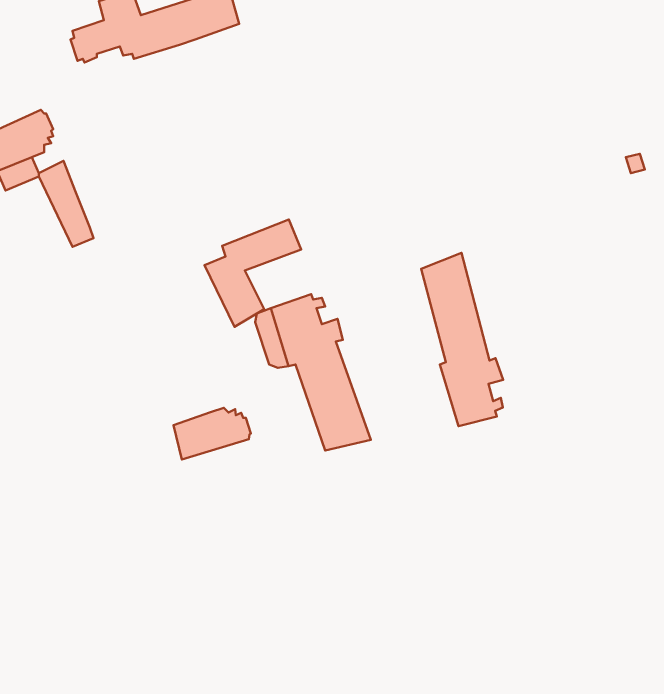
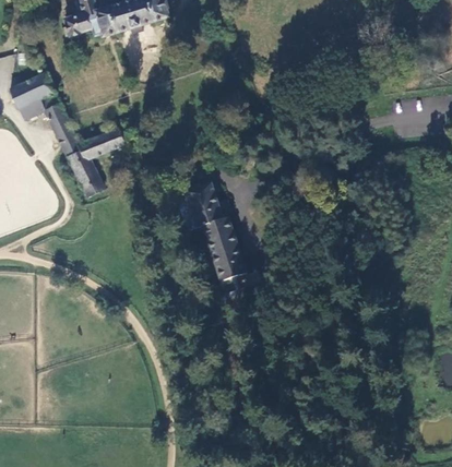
building: [205,220,301,327] -> [64,127,124,193]
building: [421,253,503,426] -> none
building: [174,408,251,460] -> none

